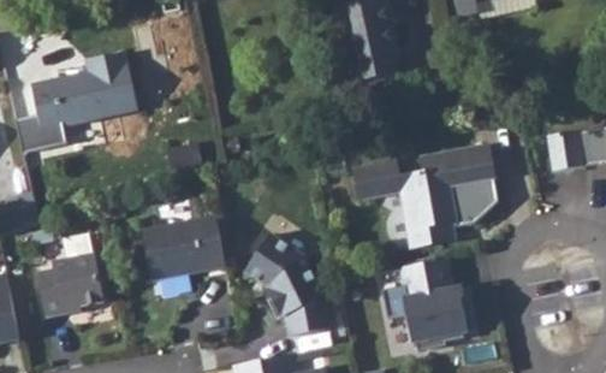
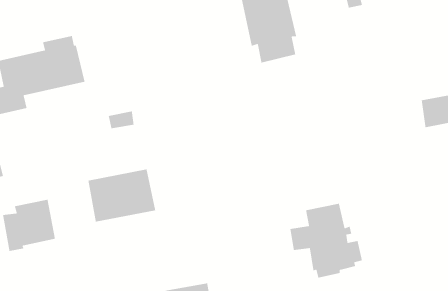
building: [354,143,499,244] -> none
building: [243,235,327,337] -> none

